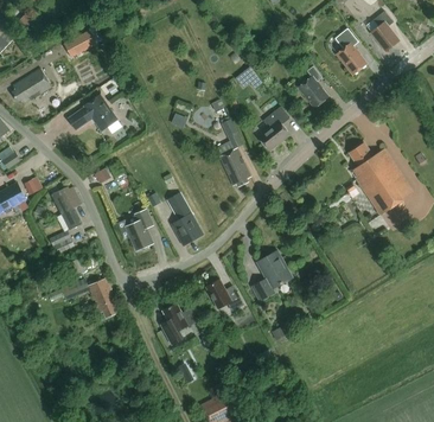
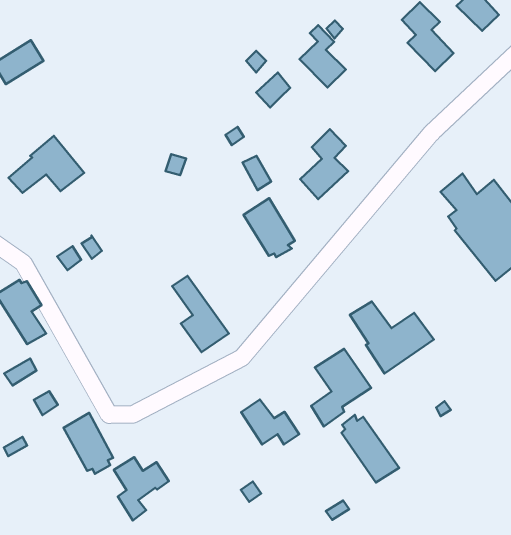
building: [299,65,328,107] -> [300,25,346,88]
building: [117,210,153,249] -> none
building: none -> [350,301,434,373]
building: none -> [342,415,399,483]
building: [162,303,198,345] -> [114,457,169,520]

